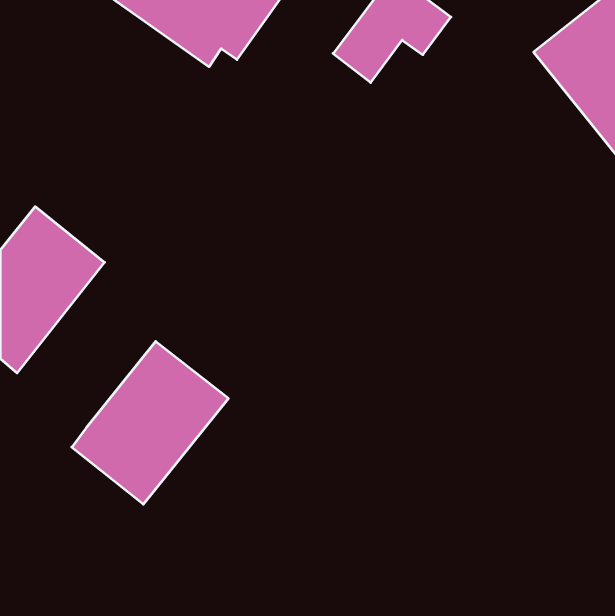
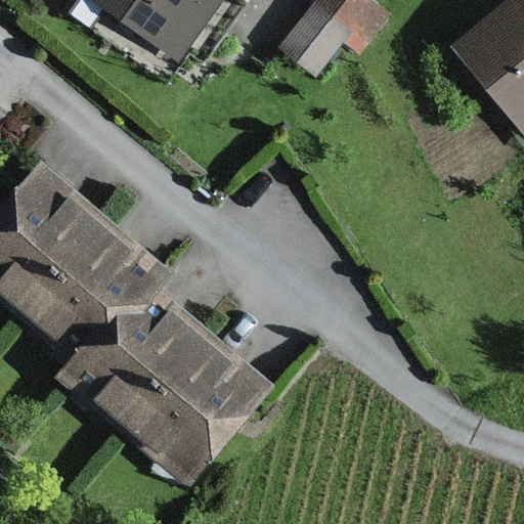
building: none -> [19,221,152,360]
building: none -> [126,336,258,473]

